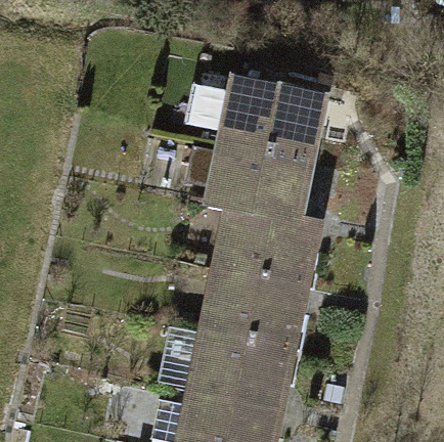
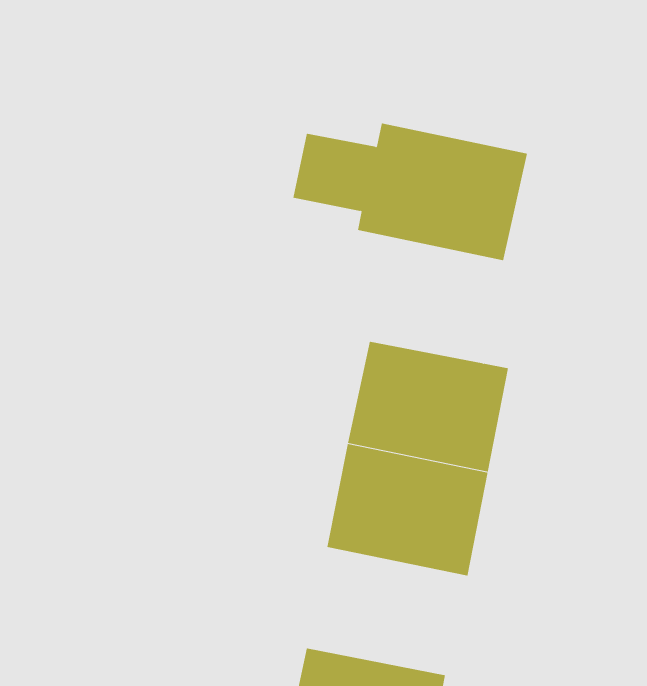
building: [186,141,312,221] -> none
building: [193,332,291,408] -> none

